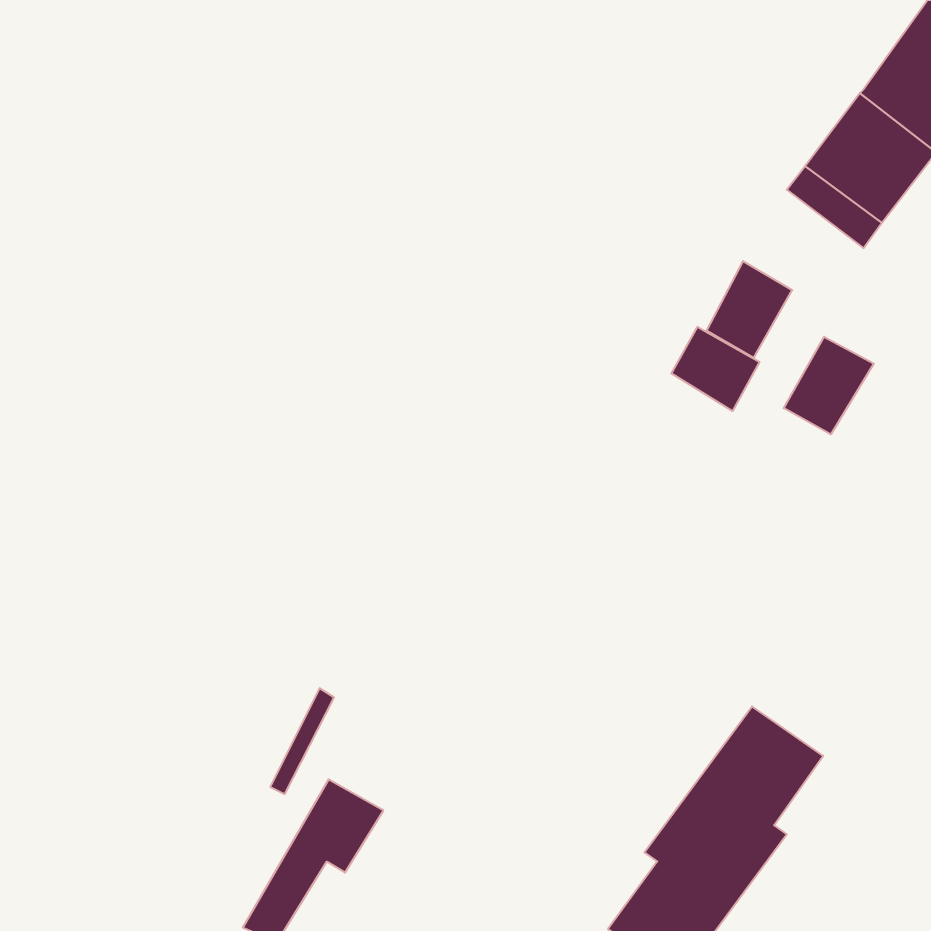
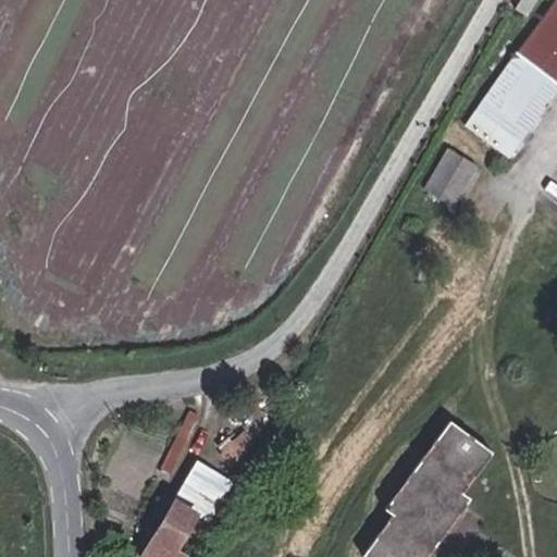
building: [671,327,759,411] -> none
building: [784,337,874,434] -> none

